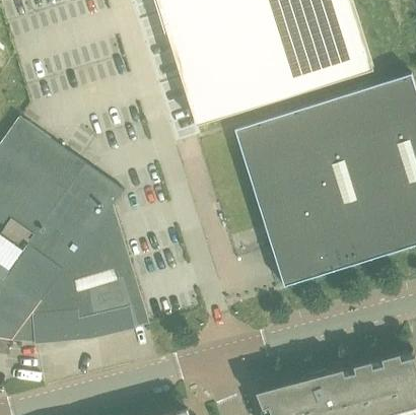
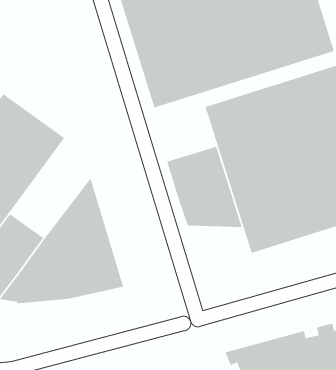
building: [28,162,125,269] -> none
building: none -> [166,146,243,228]

